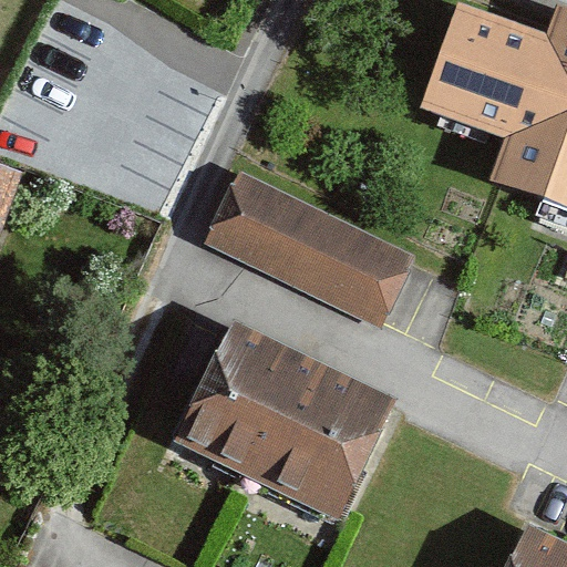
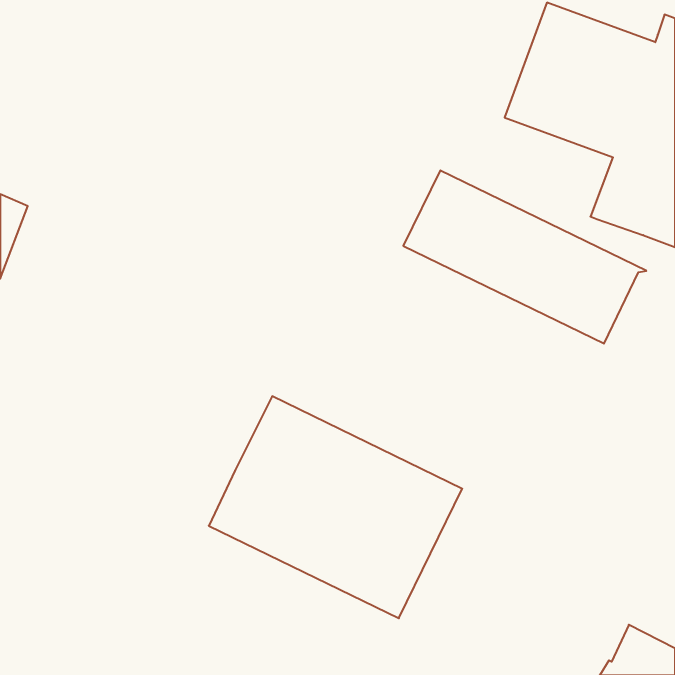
building: [210,173,414,318] -> [403,170,646,344]

